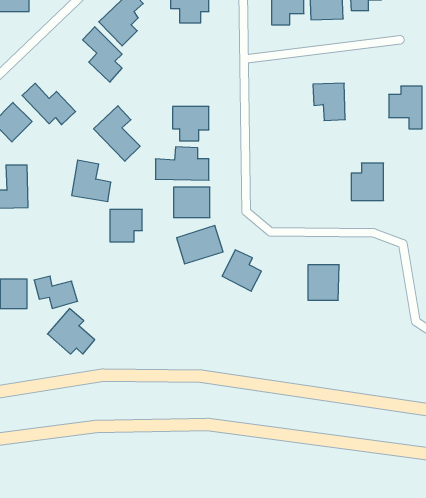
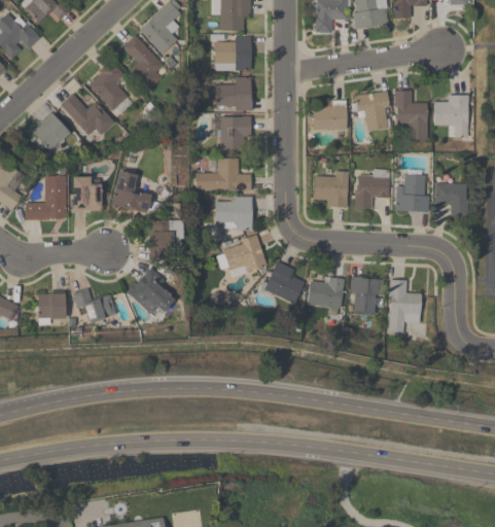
building: none -> [215,38,251,71]
building: none -> [215,78,252,110]
building: none -> [395,91,428,140]
building: none -> [313,103,347,130]
building: [94,106,140,161] -> [86,60,134,116]
building: none -> [356,170,389,208]
building: none -> [314,171,349,208]
building: none -> [73,177,102,211]
building: none -> [435,184,466,217]
building: none -> [309,277,346,309]
building: none -> [389,280,422,335]
building: [47,309,95,354] -> [128,269,176,315]

